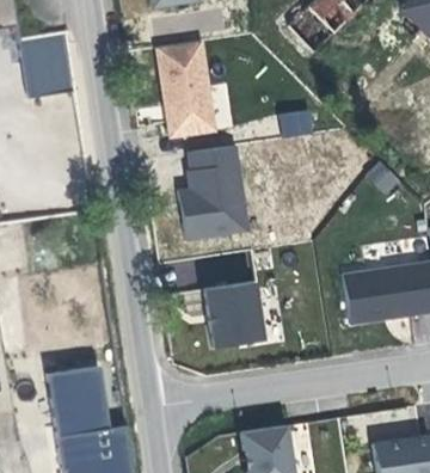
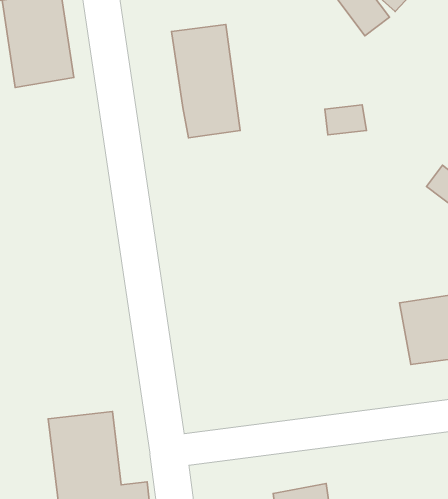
building: [179,145,246,241] -> none
building: [204,283,259,348] -> none

